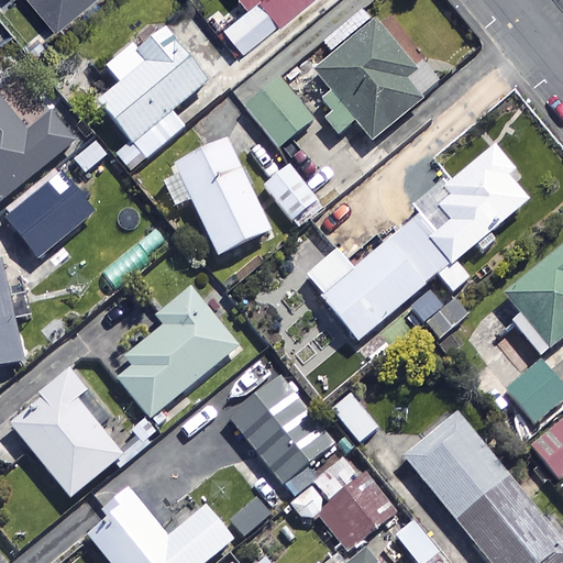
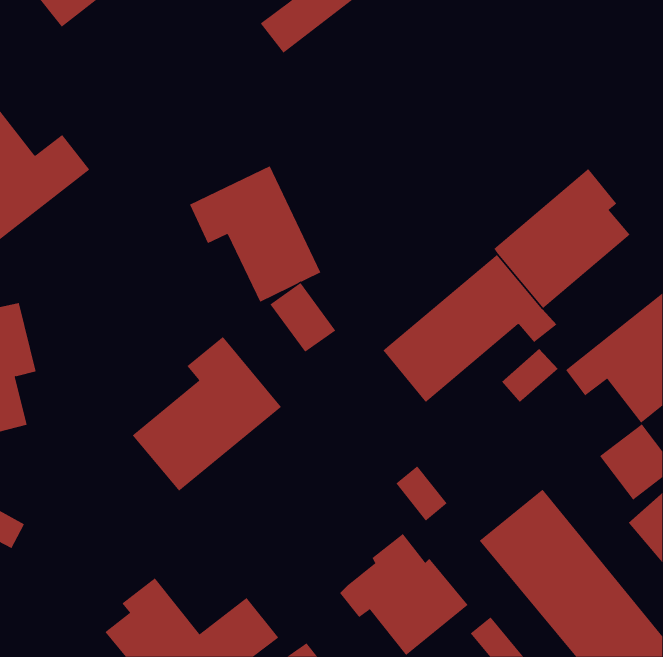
building: [316,21,439,143] -> none
building: [100,27,208,169] -> none
building: [247,76,316,145] -> none
building: [263,163,319,222] -> [270,282,336,353]
building: [8,173,93,256] -> none
building: [11,371,121,495] -> none
building: [228,372,335,494] -> none

